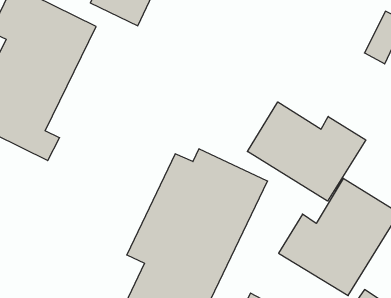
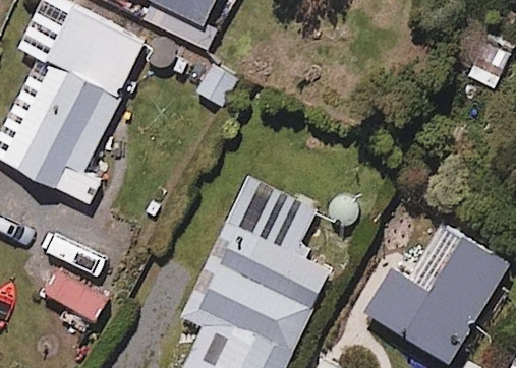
building: [247,102,366,201] -> none

